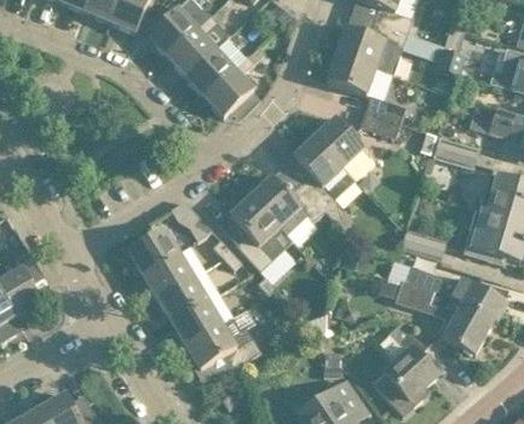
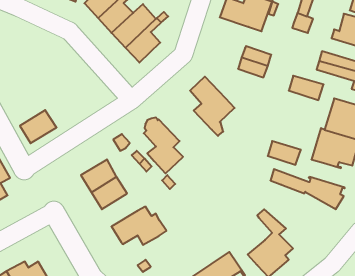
building: [327,53,375,93] -> none
building: [313,116,375,179] -> none
building: [249,176,324,225] -> none
building: [128,227,179,273] -> [20,110,57,143]
building: [396,280,494,353] -> none
building: [172,298,221,344] -> none

